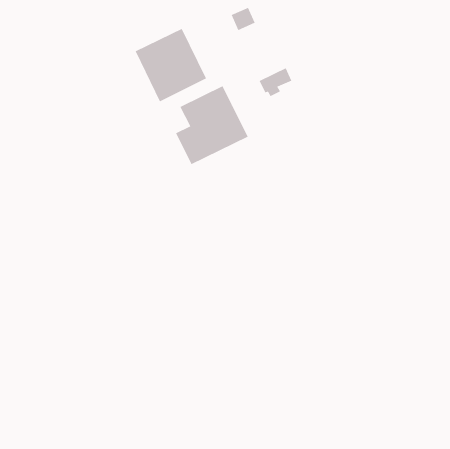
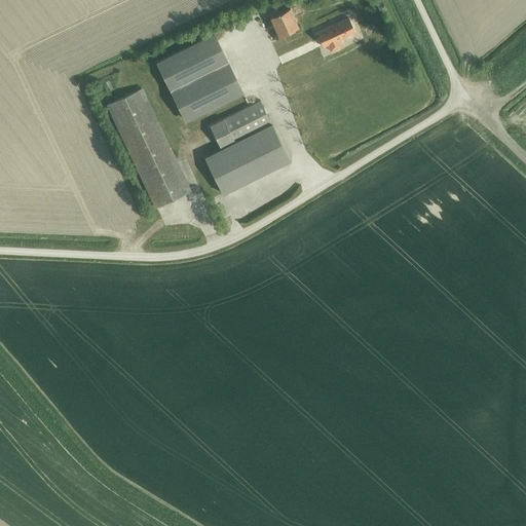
building: [259,68,292,97] -> [316,18,355,52]
building: none -> [107,89,190,209]

